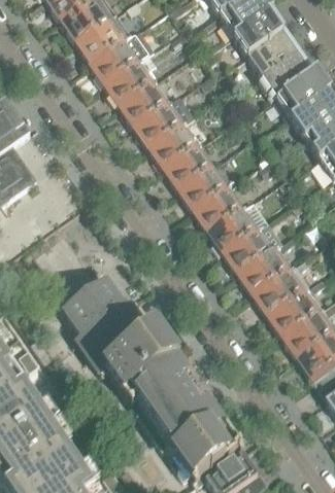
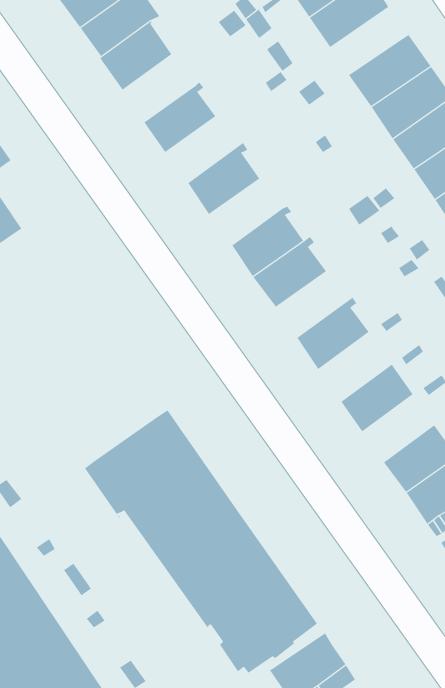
building: [248,28,302,74] -> none
building: [107,57,157,106] -> none
building: [136,99,186,147] -> none
building: [166,141,215,189] -> none
building: [211,199,271,252] -> none
building: [240,248,291,295] -> none
building: [68,281,128,337] -> none
building: [270,290,320,337] -> none

